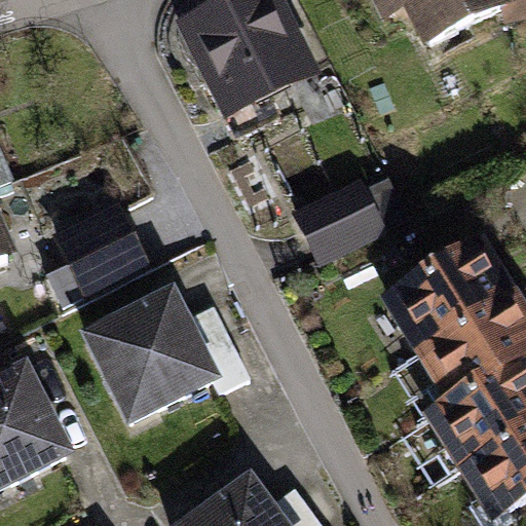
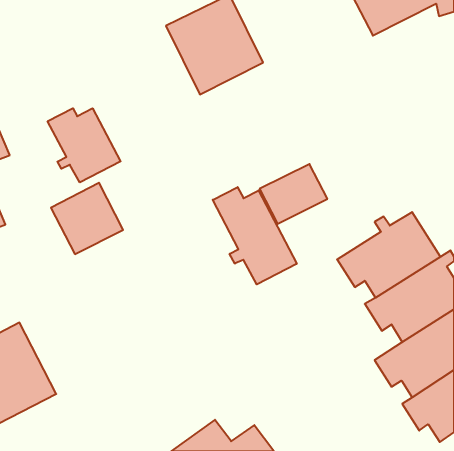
building: none -> [48,108,121,182]
building: none -> [213,187,297,284]
building: [87,297,249,421] -> none

